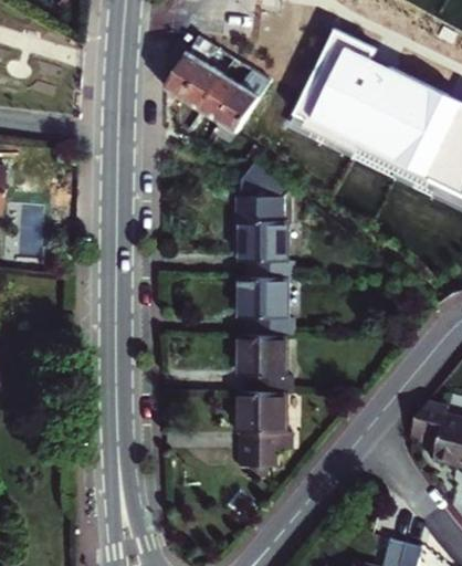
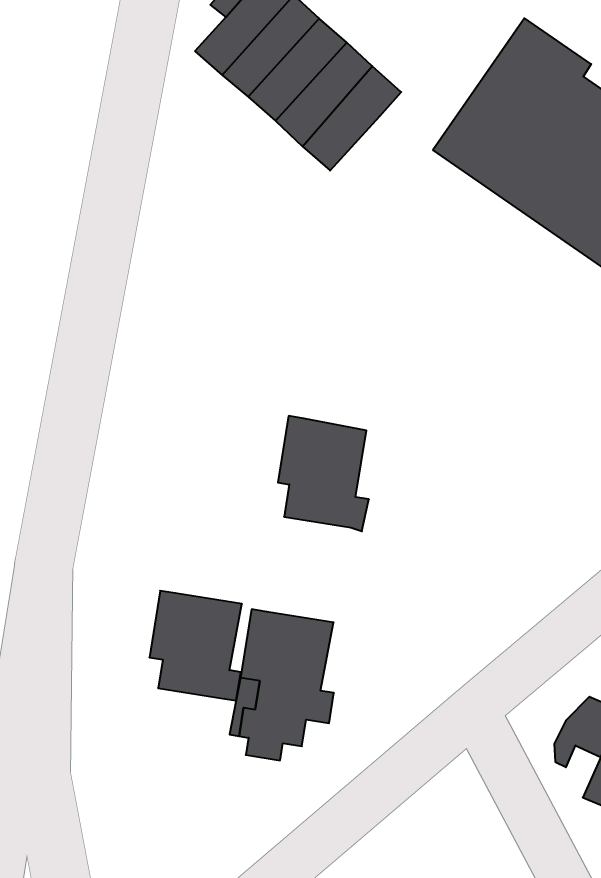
building: [234,163,292,277] -> none
building: [237,334,290,389] -> [149,591,242,701]

